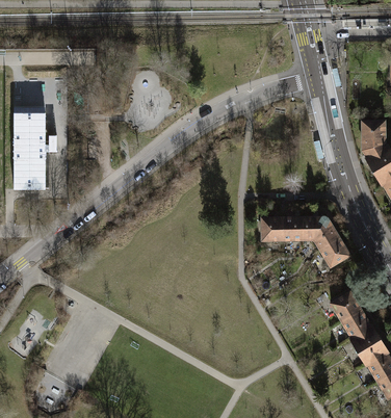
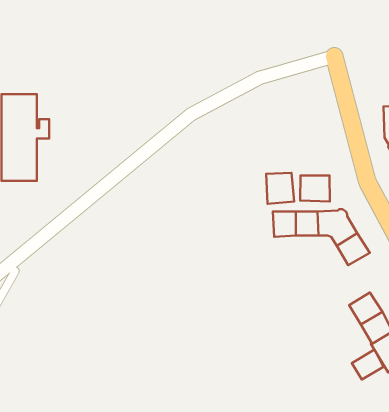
building: none -> [266,173,294,204]
building: none -> [300,175,330,201]
building: none -> [352,350,384,380]

